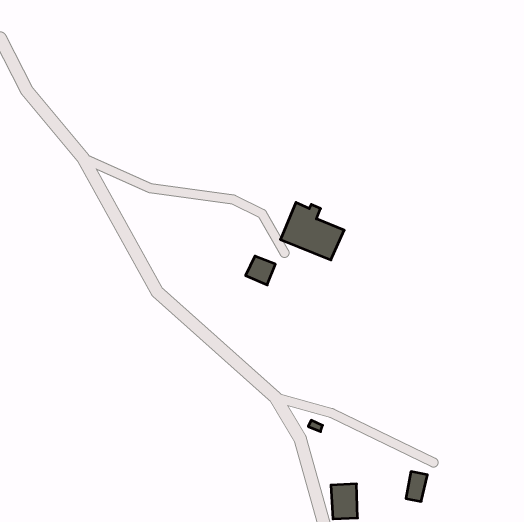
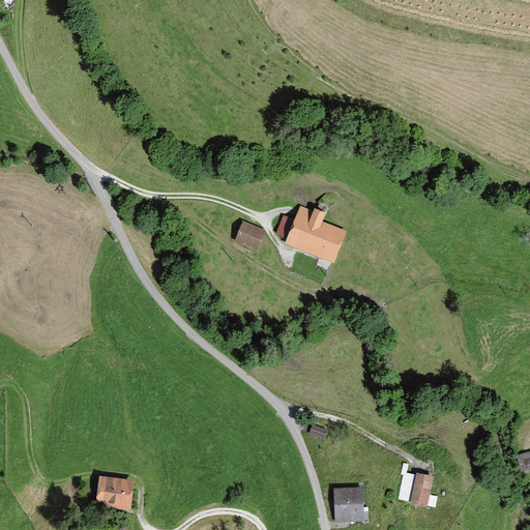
building: [246,256,275,285] -> [235,220,265,249]
building: none -> [96,478,129,509]

